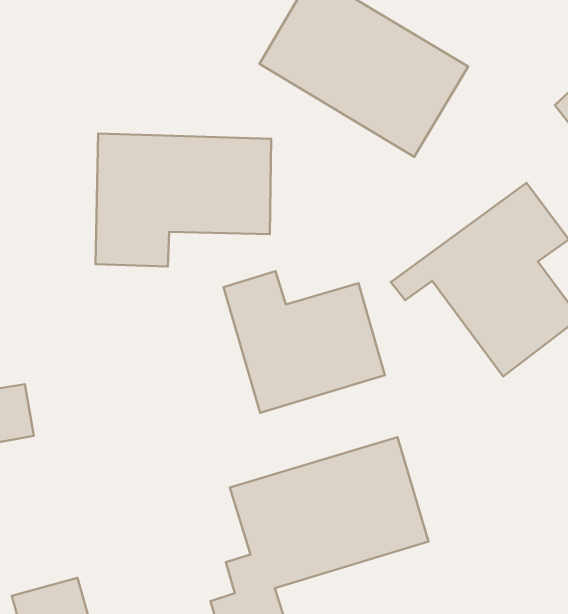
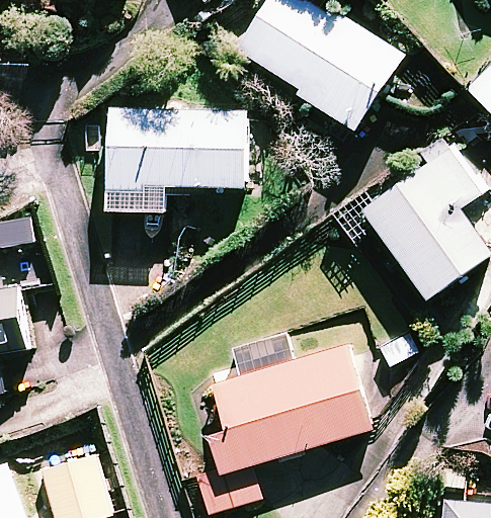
building: [223,271,385,413] -> none

